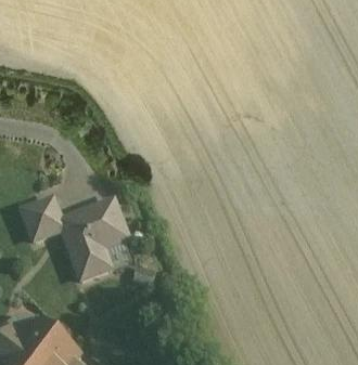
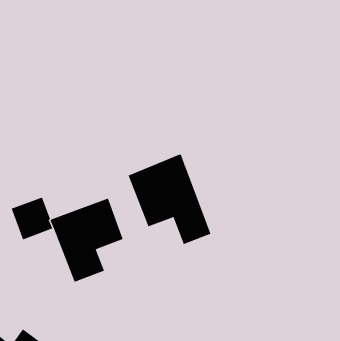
building: none -> [128,154,211,245]

